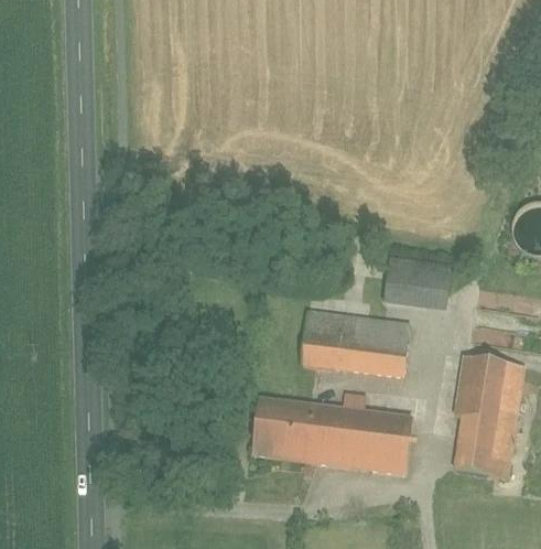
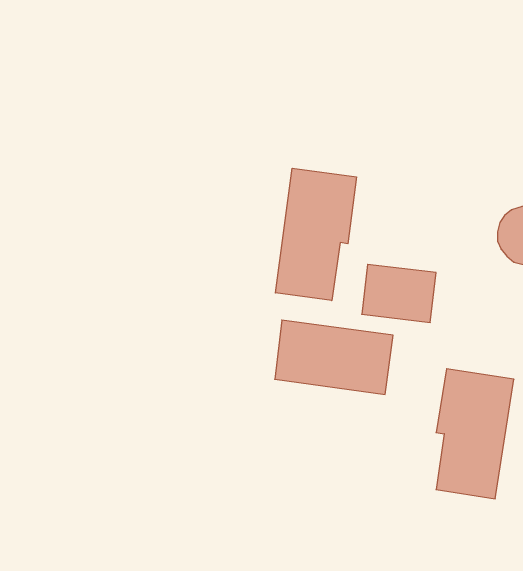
building: none -> [275,168,356,301]
building: [250,390,413,474] -> none

